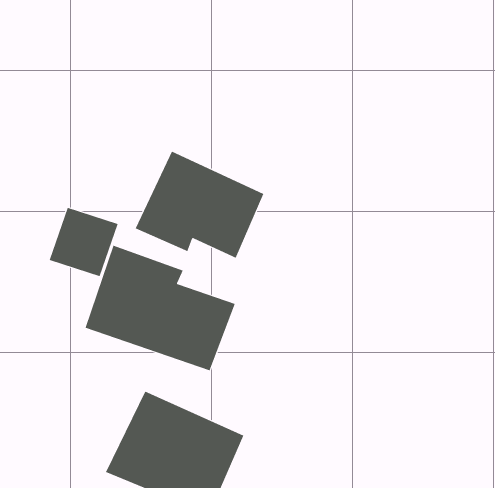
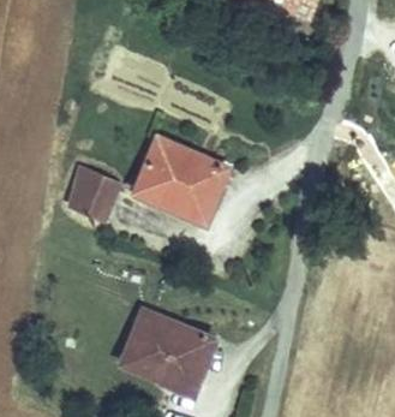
building: [85,245,236,371] -> none

